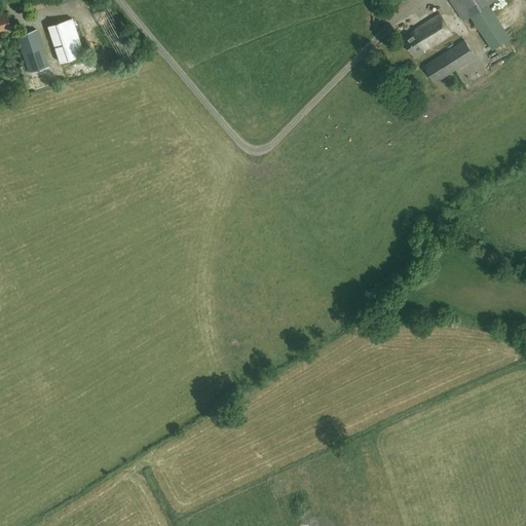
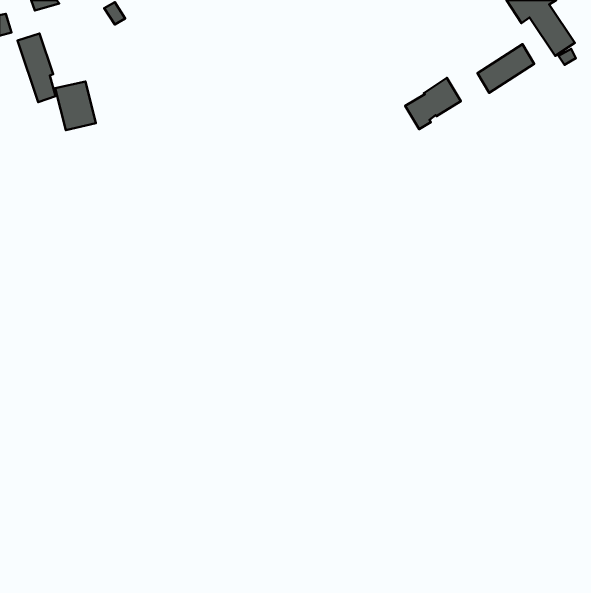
building: [46,13,82,57] -> [55,81,96,130]
building: [402,13,451,59] -> [405,78,461,129]

